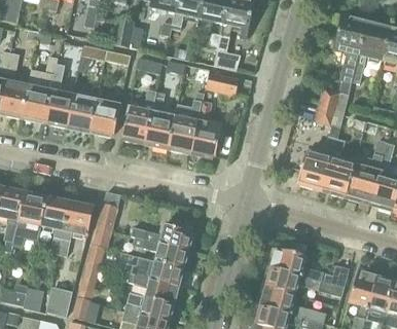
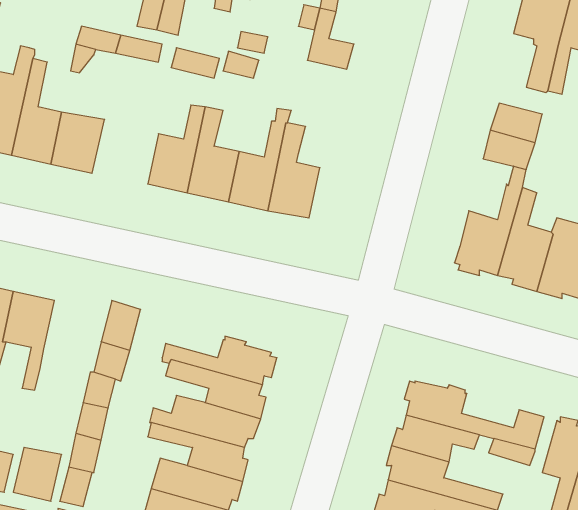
building: [205,73,240,97] -> none
building: [91,99,120,135] -> none
building: [58,203,93,256] -> none

